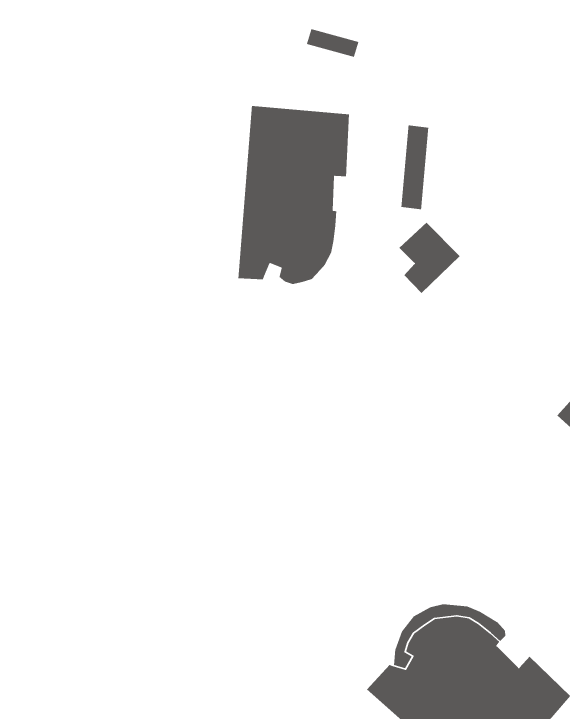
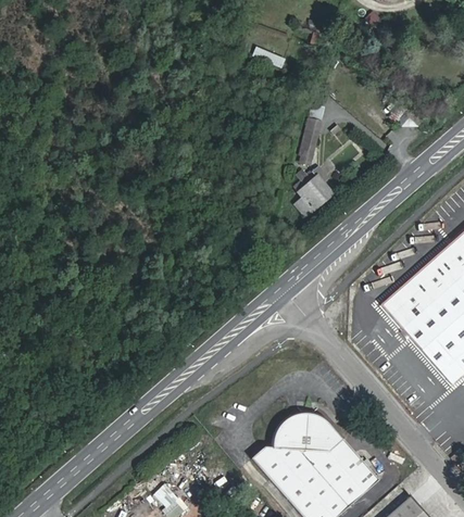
building: [238,105,350,285] -> none

